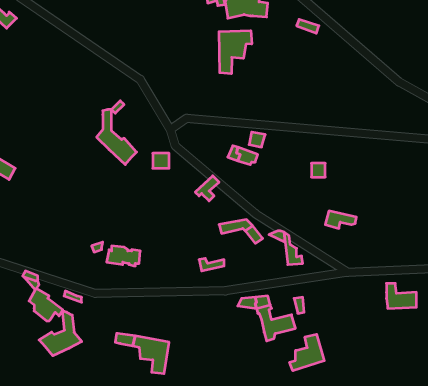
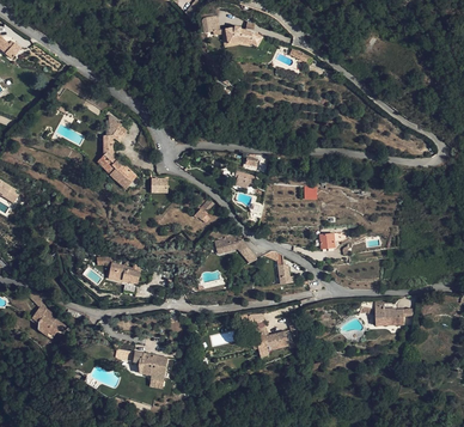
building: [219,31,252,74] -> none
building: [39,311,82,356] -> none
building: [290,334,324,371] -> none

